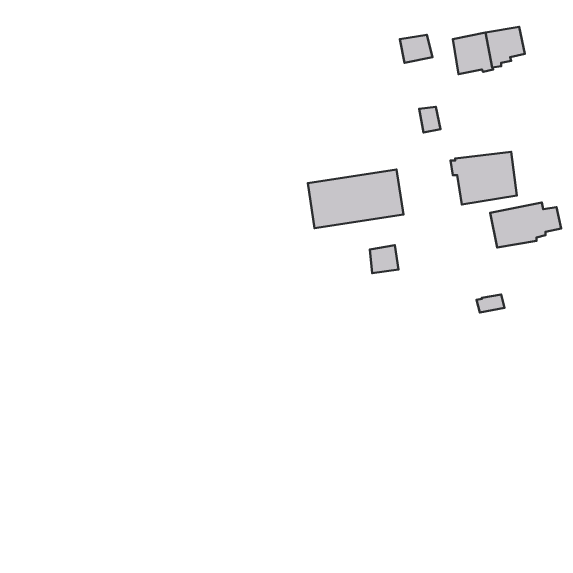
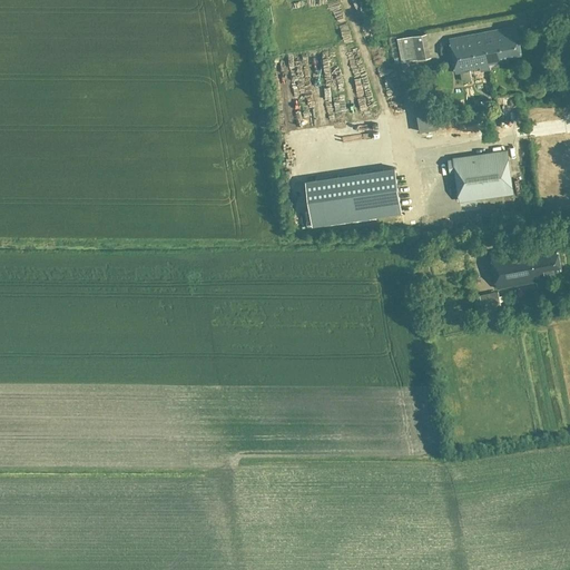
building: [490,203,561,248] -> [489,245,559,289]
building: [370,245,398,273] -> none

